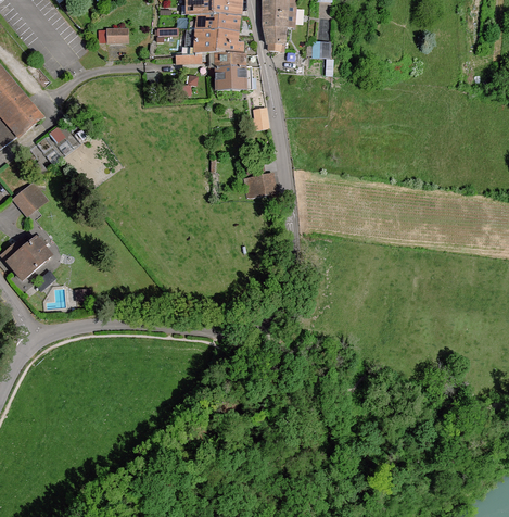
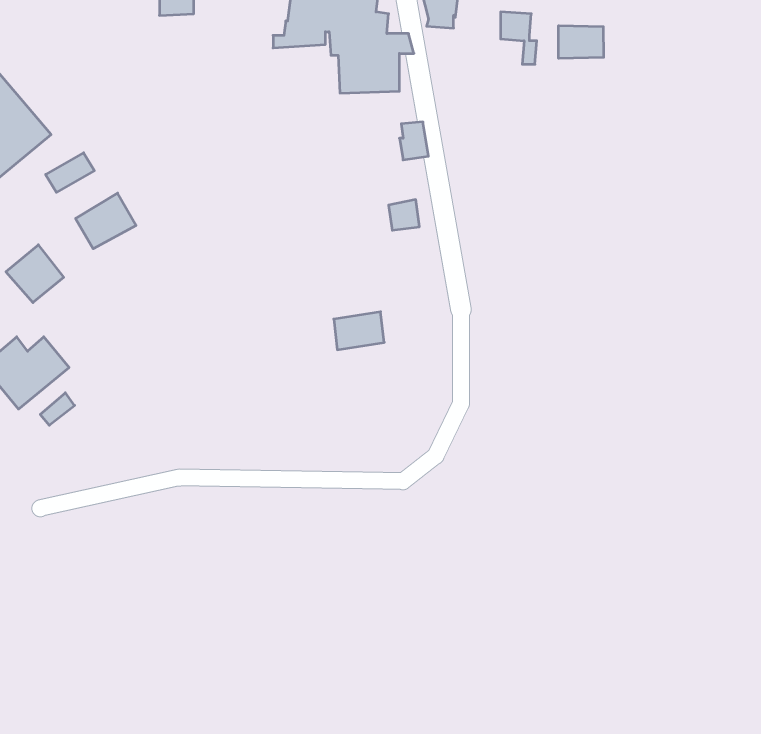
building: none -> [559,26,604,58]
building: none -> [76,193,136,249]
building: [244,174,275,197] -> [334,312,384,350]

